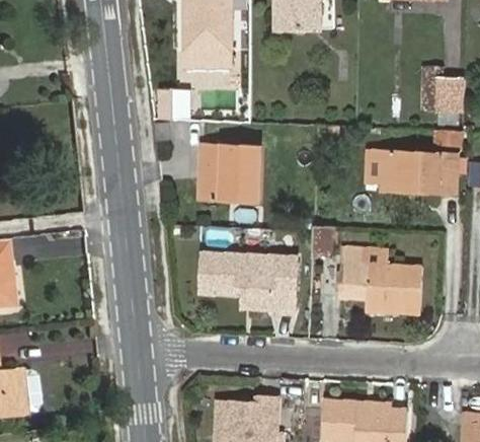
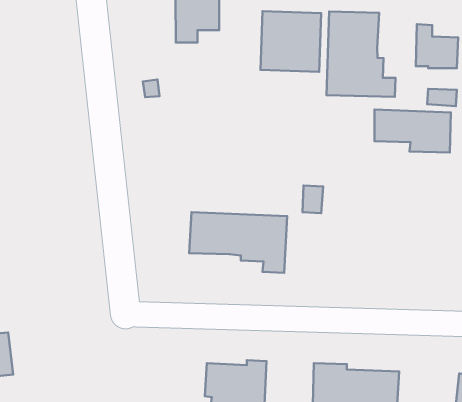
building: none -> [326,12,395,97]
building: [201,142,260,202] -> [261,11,321,72]
building: [340,246,422,309] -> none

